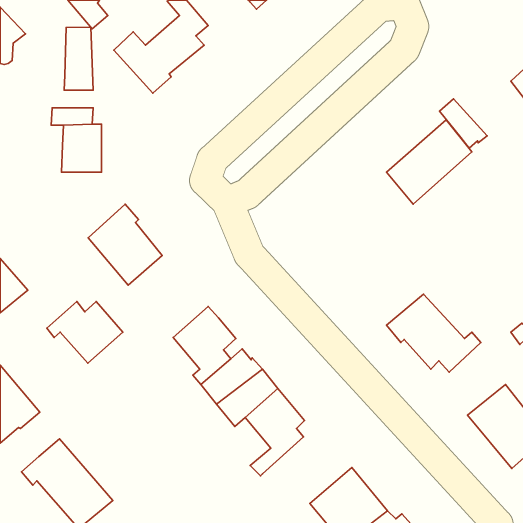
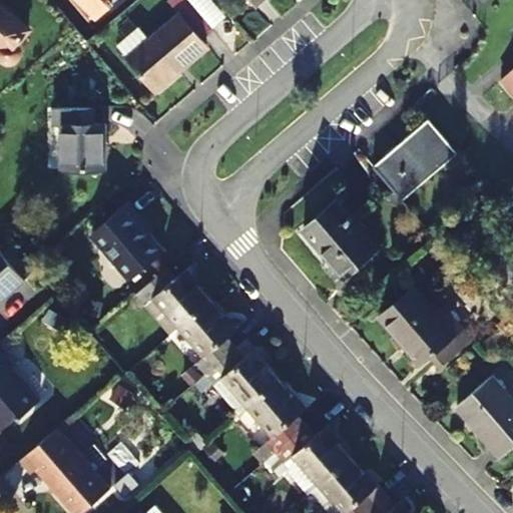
building: [64,27,93,90] -> none
building: [440,99,487,148] -> none
building: none -> [306,202,379,277]
building: [47,301,123,363] -> [130,271,204,331]
building: none -> [258,428,345,497]

